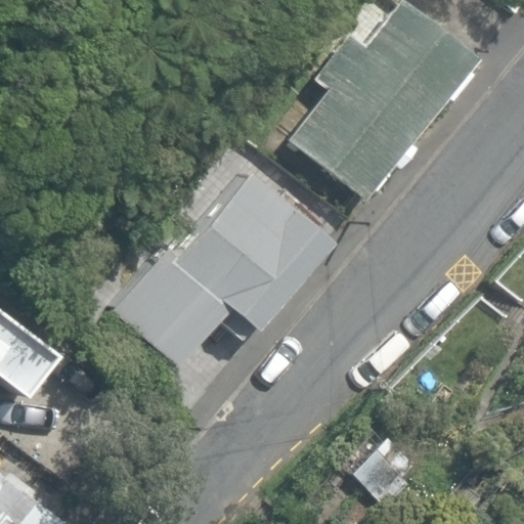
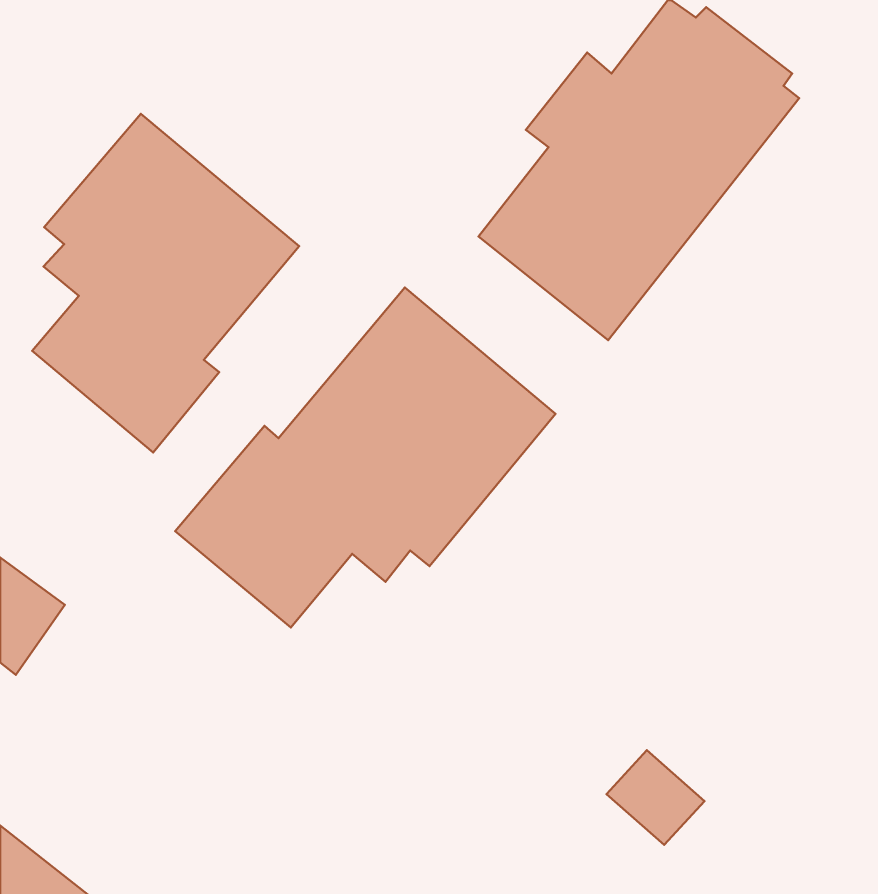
building: none -> [32,114,299,453]

